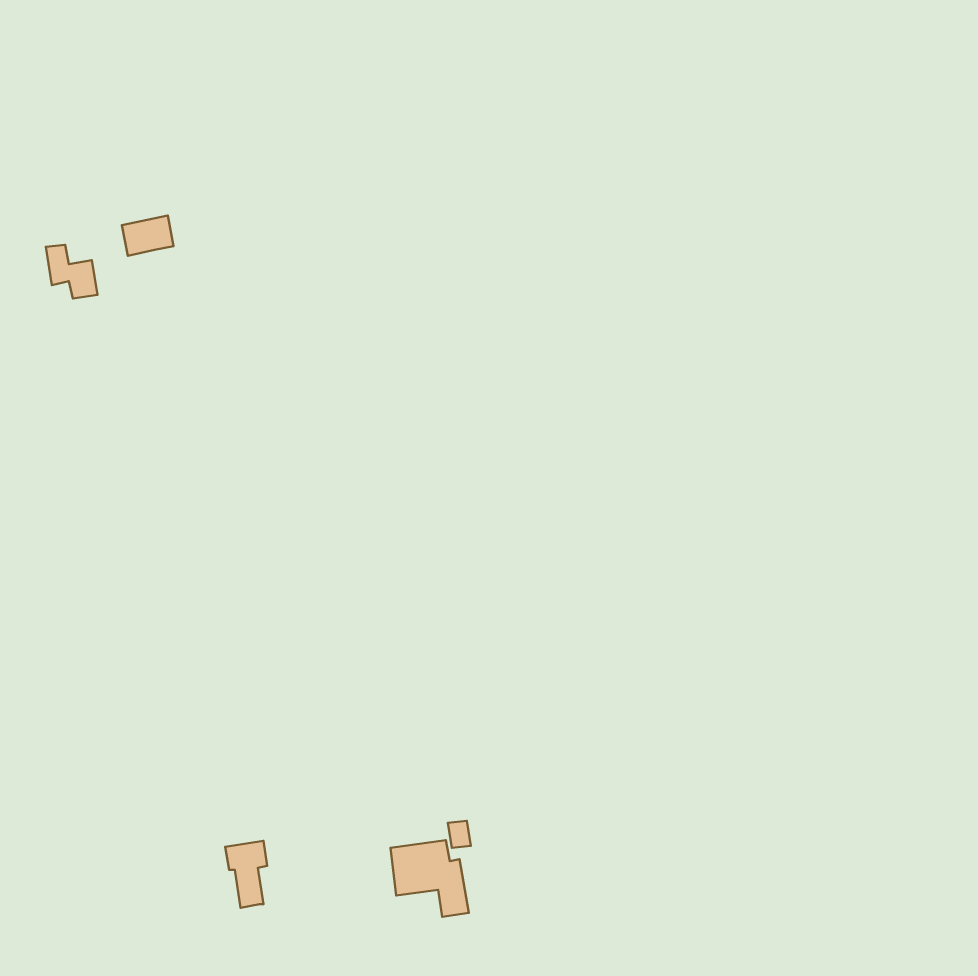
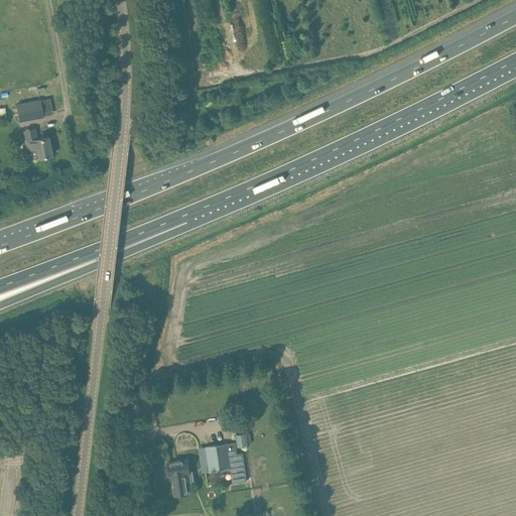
building: [122,215,174,256] -> [16,101,43,122]
building: [225,841,267,908] -> [167,461,189,496]

